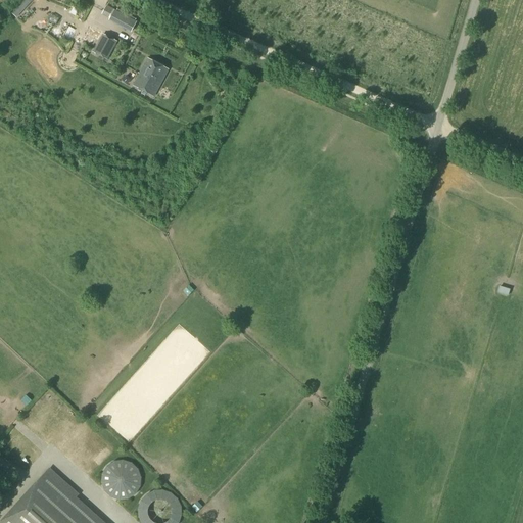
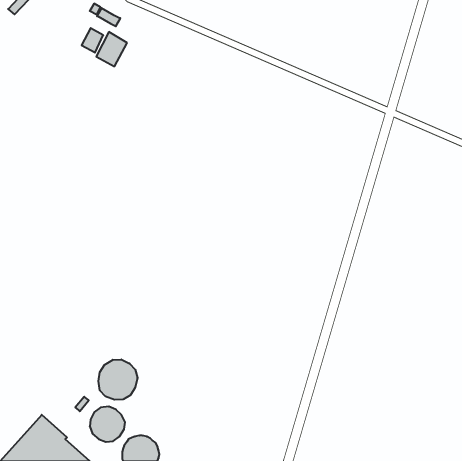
building: [134,56,169,95] -> [96,32,127,66]
building: none -> [98,359,137,400]

